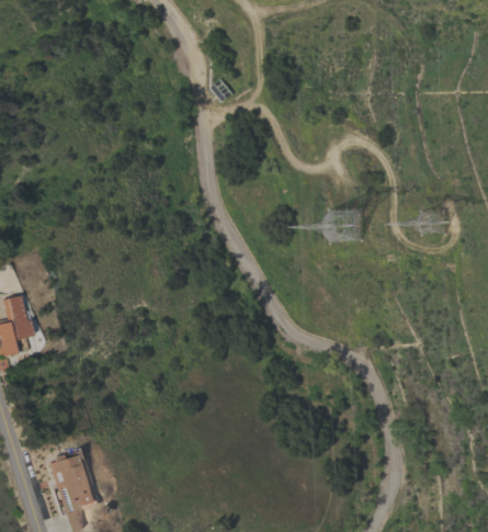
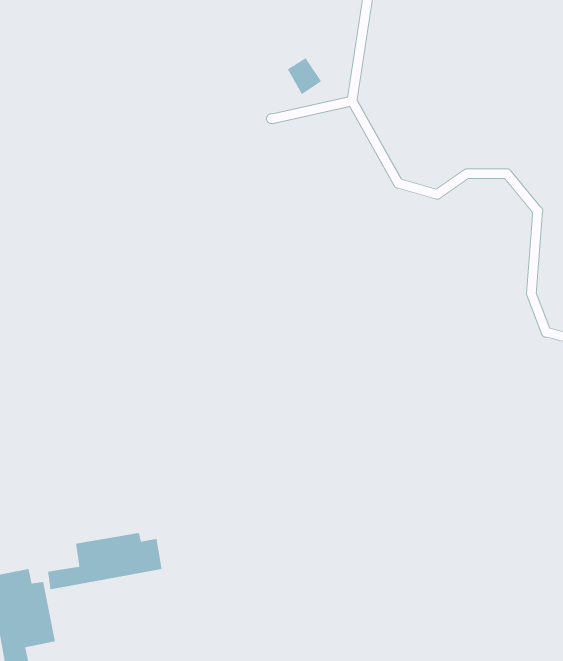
building: none -> [47,532,162,590]

